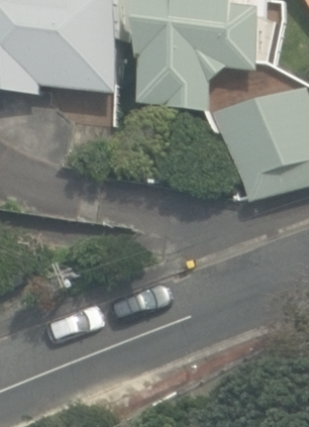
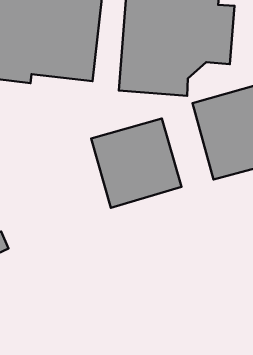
building: none -> [91,119,182,208]

